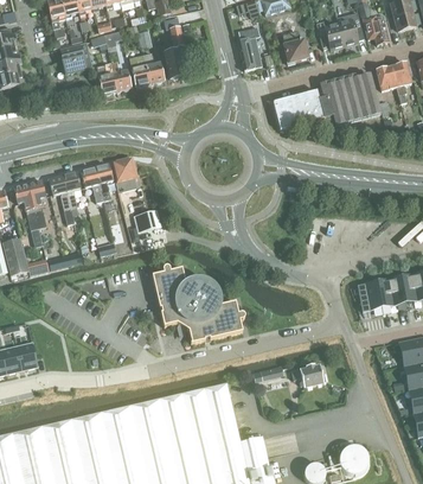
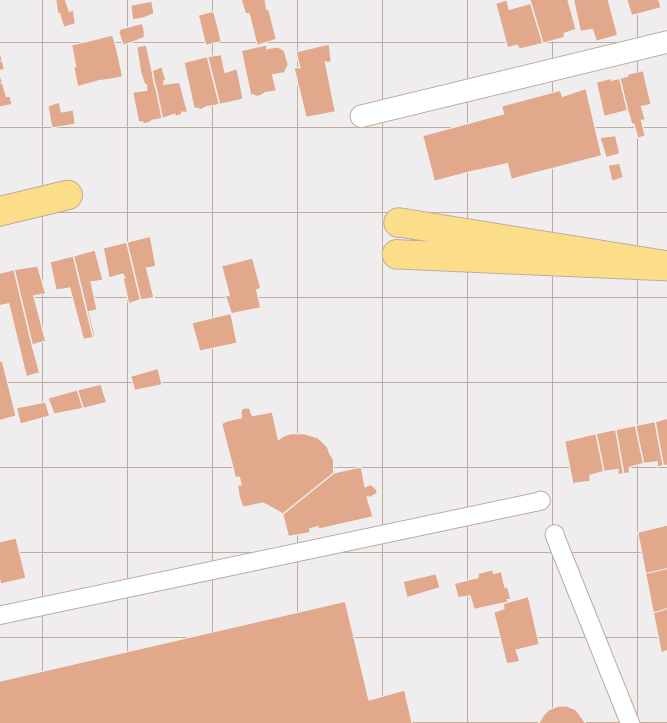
building: [237,26,262,70] -> [294,44,335,117]
building: [282,31,308,64] -> none
building: [113,158,136,191] -> [221,258,261,313]
building: none -> [494,597,539,664]

